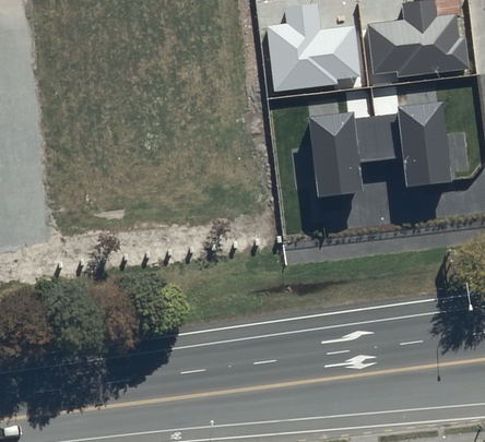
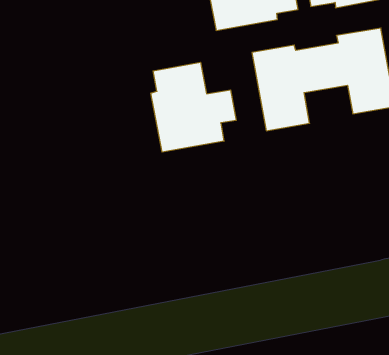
building: none -> [151,62,236,152]

